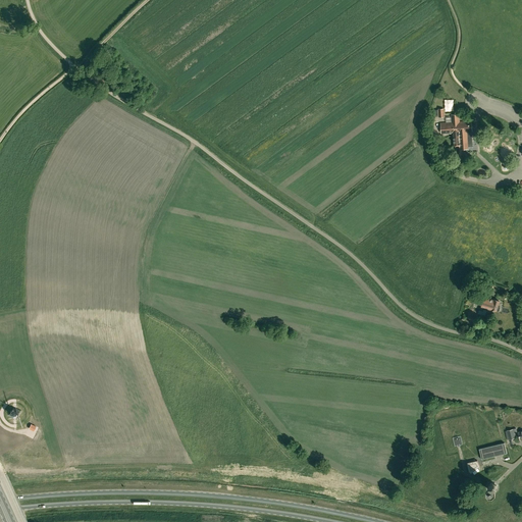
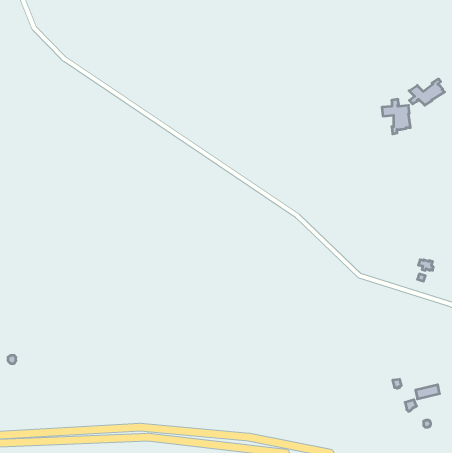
building: none -> [409,79,445,105]

